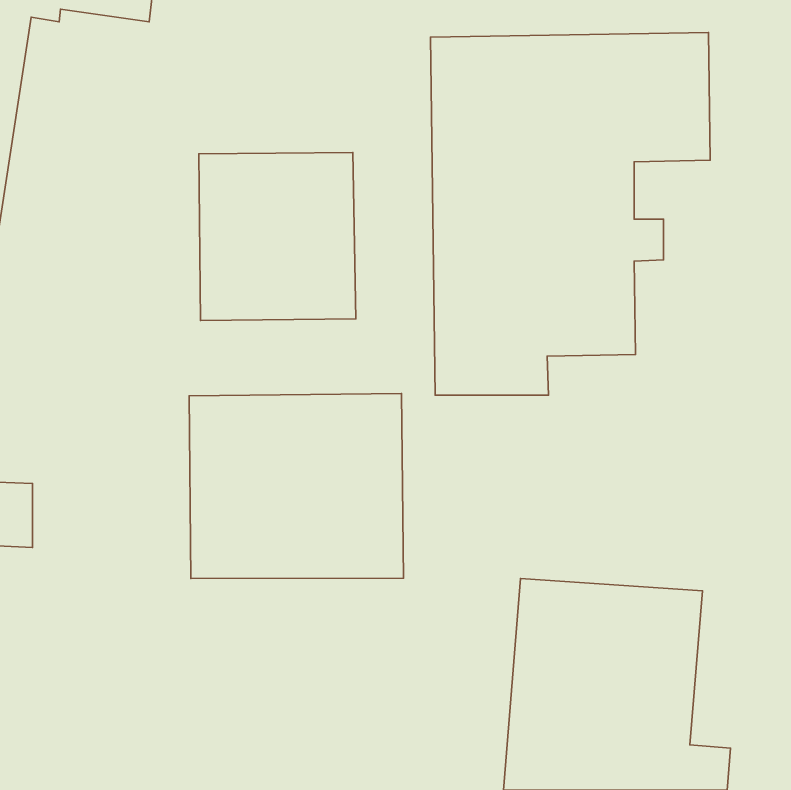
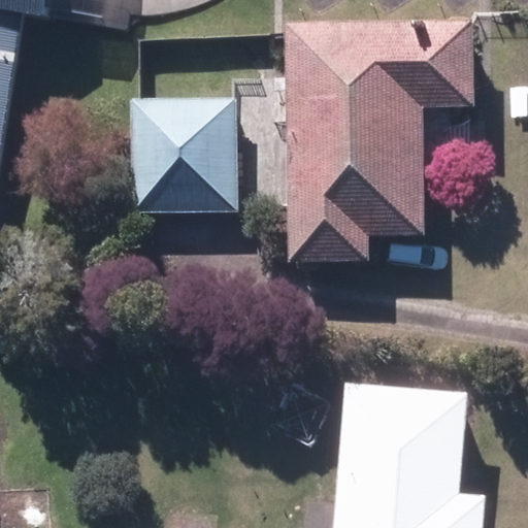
building: [189,393,404,579] -> none

